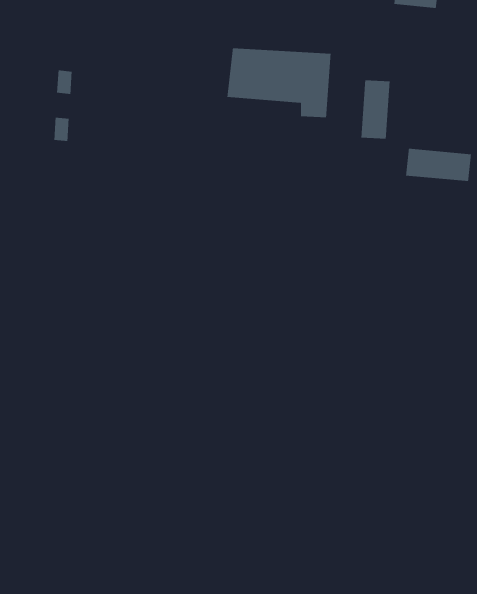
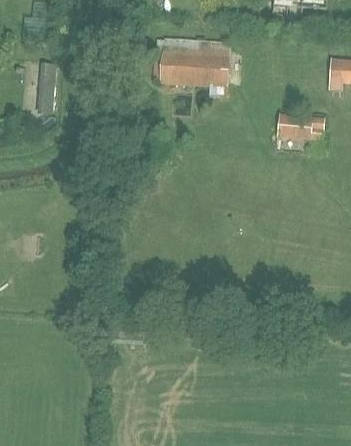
building: [361,79,391,140] -> none

